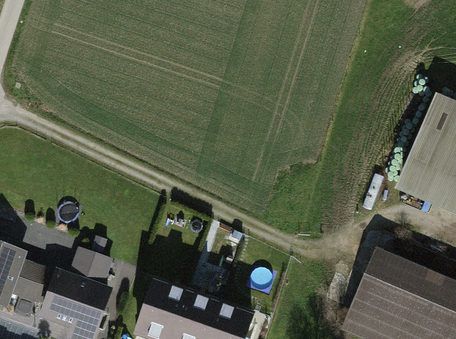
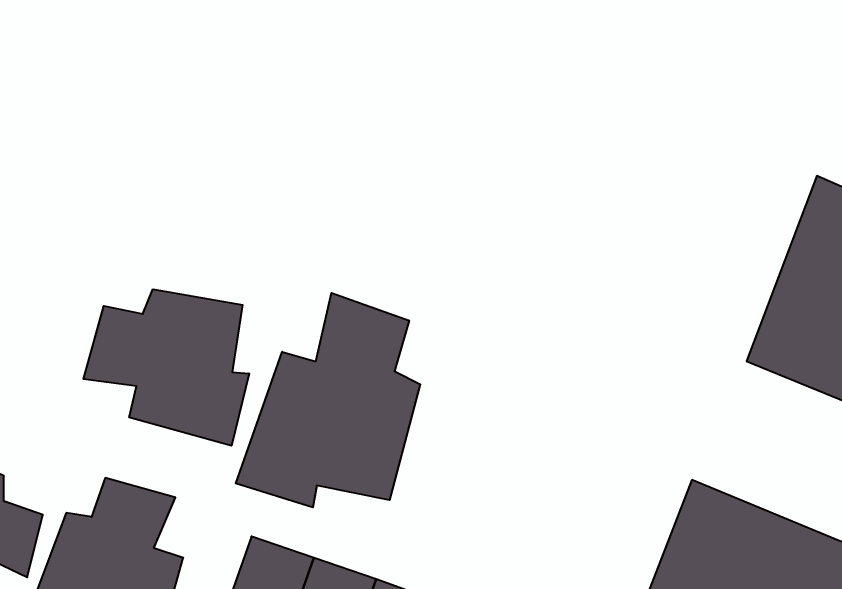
building: none -> [83,289,249,446]
building: none -> [236,293,420,507]

